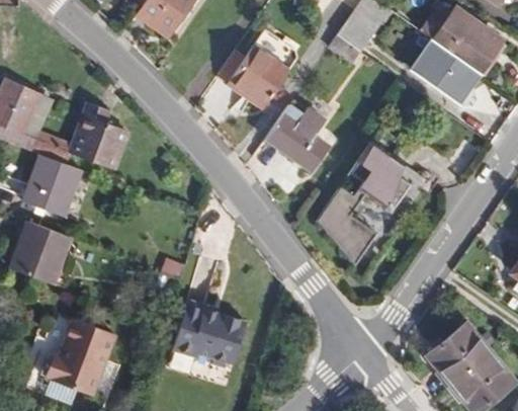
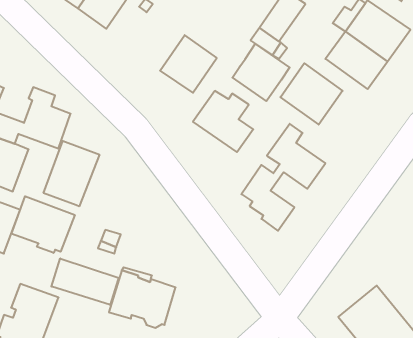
building: none -> [232,44,290,101]
building: none -> [280,63,343,125]
building: none -> [44,141,99,206]
building: none -> [12,196,75,253]
building: none -> [51,258,119,305]

